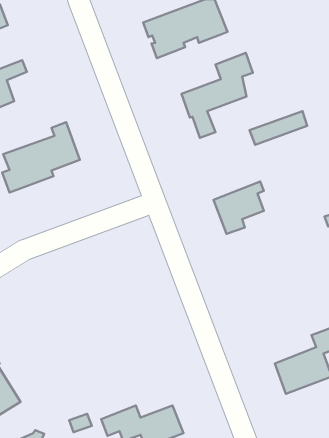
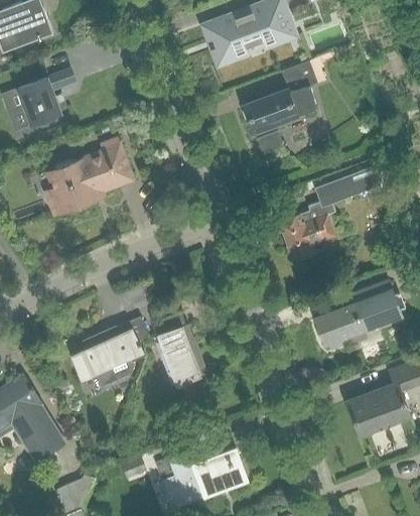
building: [250,111,307,145] -> [315,167,379,205]
building: none -> [315,281,401,347]
building: none -> [72,318,147,387]
building: none -> [153,327,205,387]

